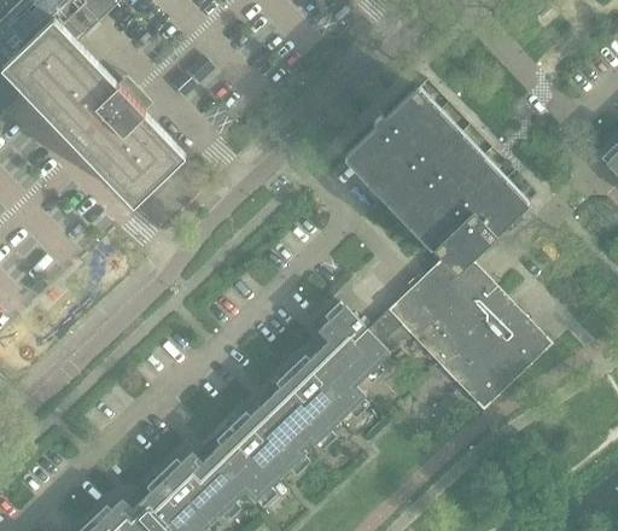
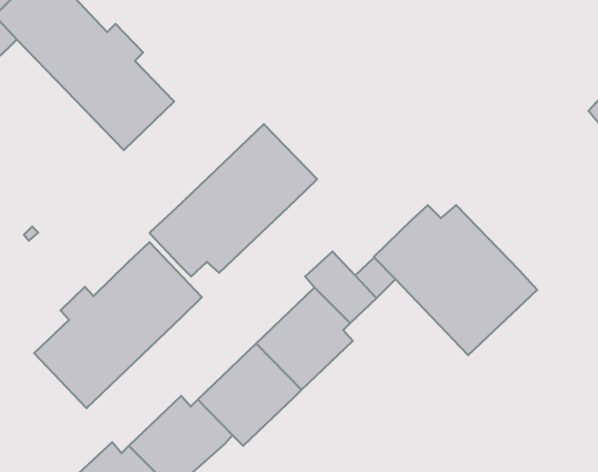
building: [343,87,526,272] -> none
building: none -> [150,124,317,277]
building: none -> [34,242,202,408]

